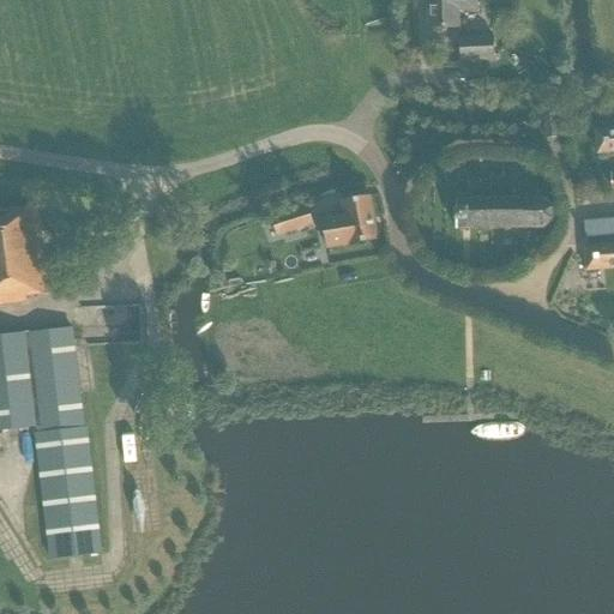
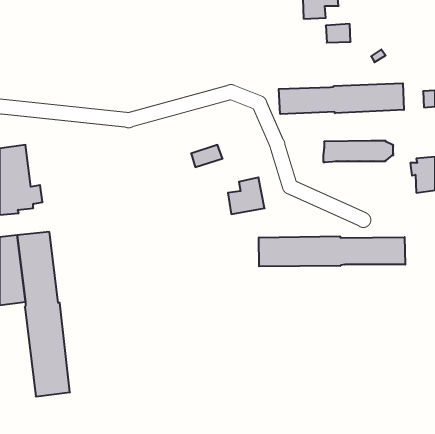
building: none -> [279,83,404,114]
building: [325,194,377,246] -> [228,177,265,214]
building: none -> [259,236,405,266]

